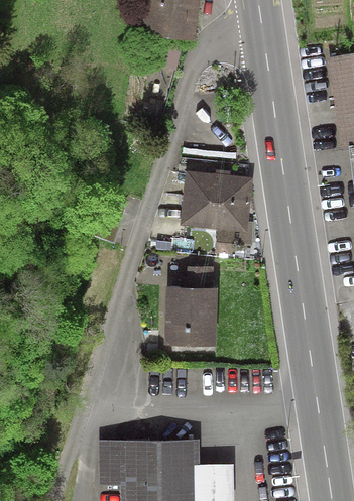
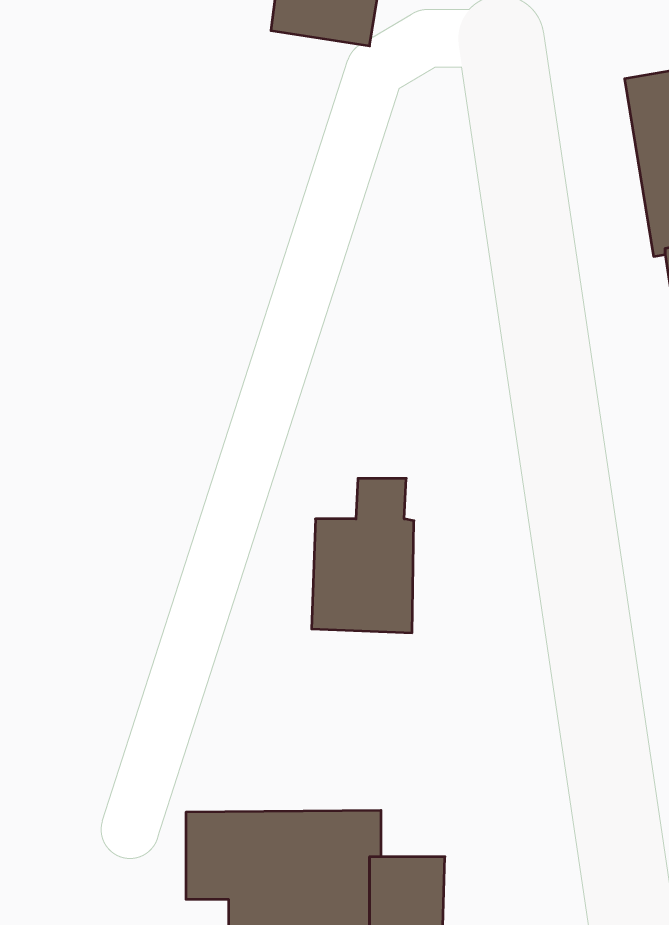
building: [179,170,252,255] -> none

